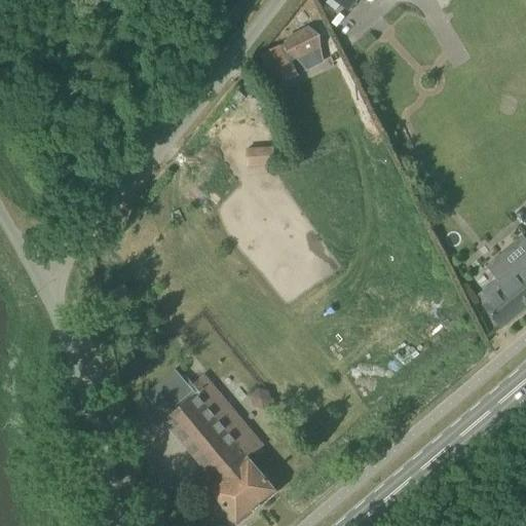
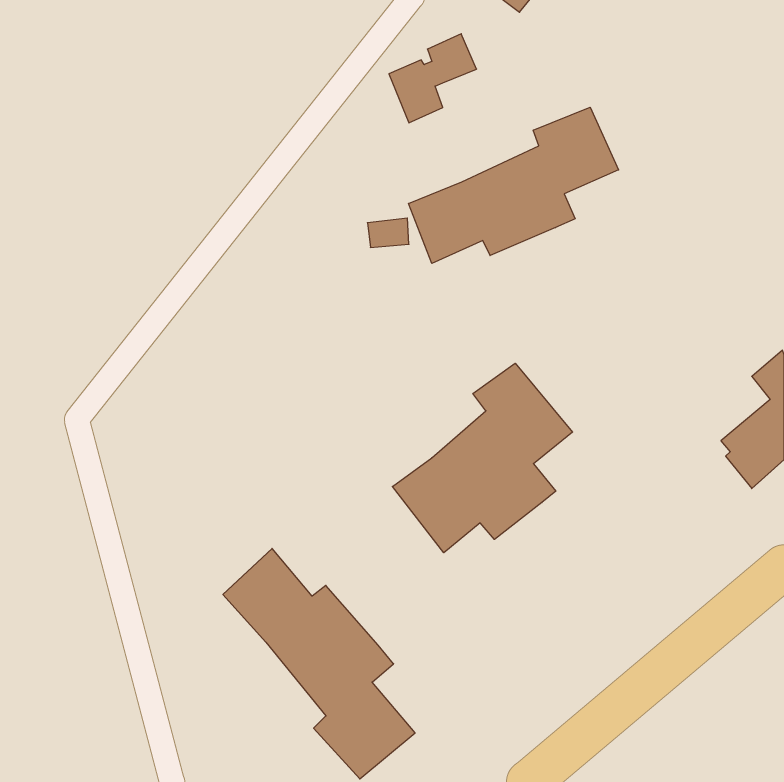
building: none -> [409,107,619,263]
building: none -> [392,363,573,553]

